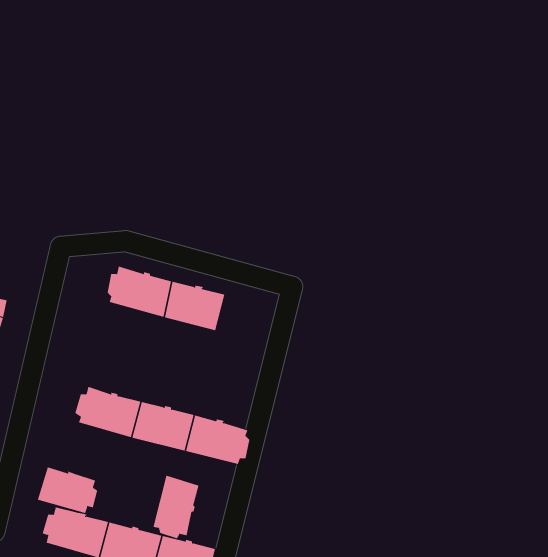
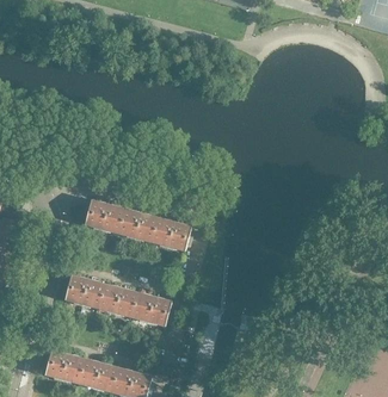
building: none -> [147,217,189,249]
building: [37,466,98,514] -> none
building: [153,475,199,539] -> none

